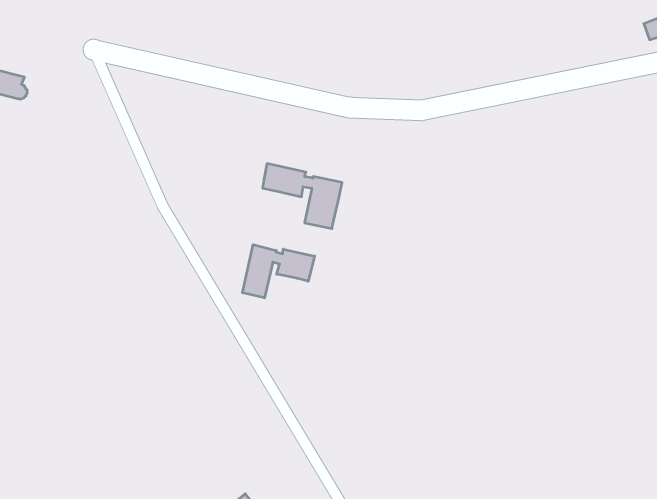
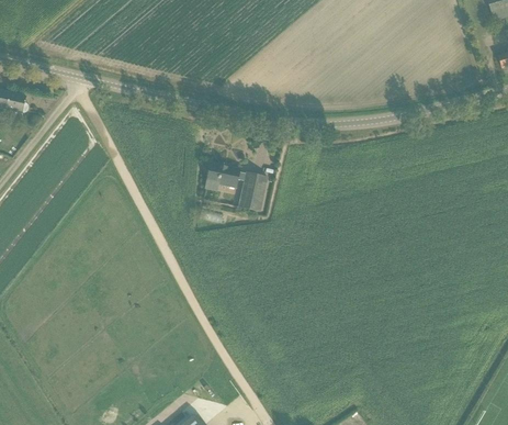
building: [242,245,315,298] -> none

